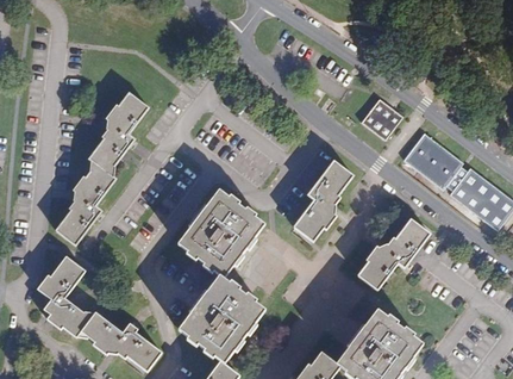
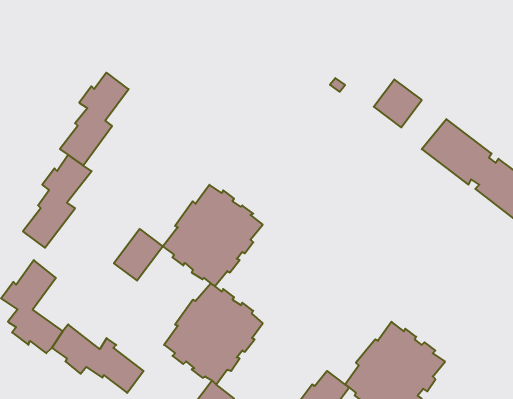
building: [294,160,352,241] -> none
building: [357,218,430,290] -> none
building: none -> [114,229,163,281]

